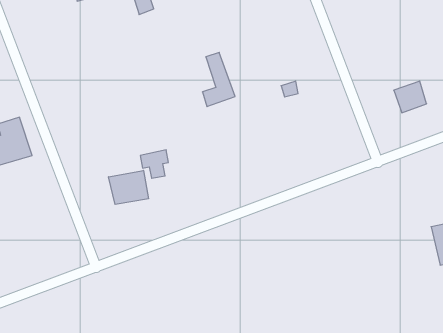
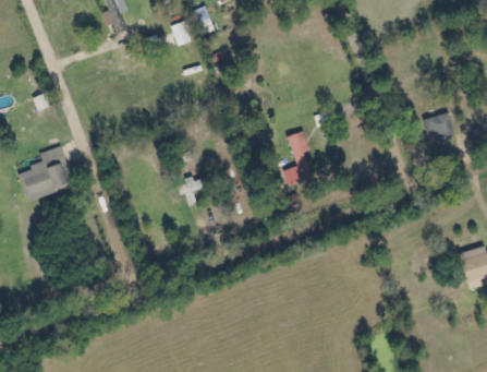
building: [202,52,235,107] -> [283,132,315,184]
building: [109,170,148,204] -> none

